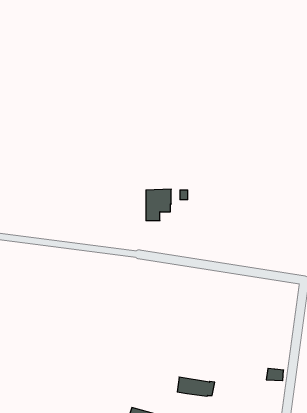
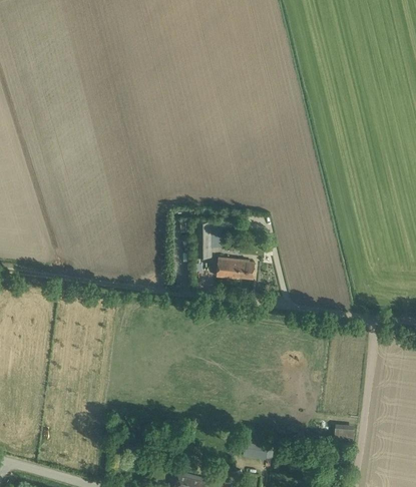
building: none -> [218,258,256,280]

